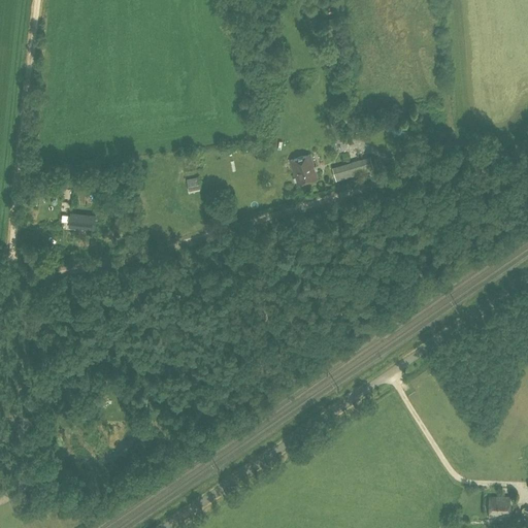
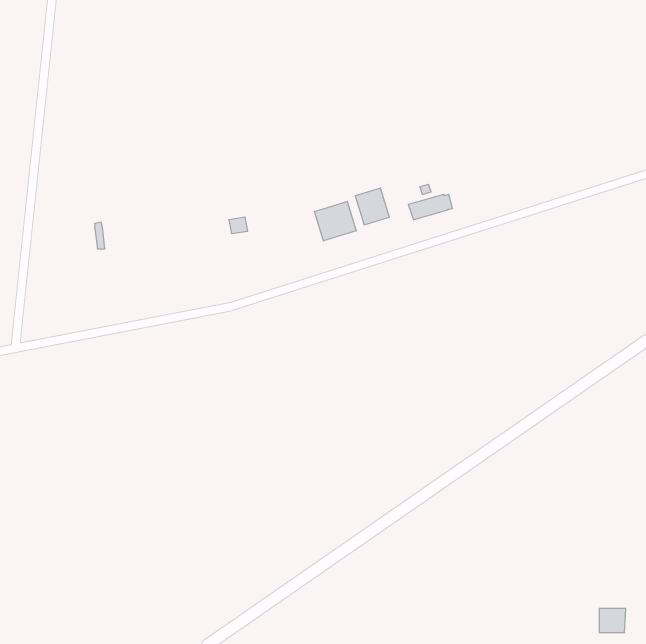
building: none -> [314,201,356,241]
building: [69,213,96,231] -> none

